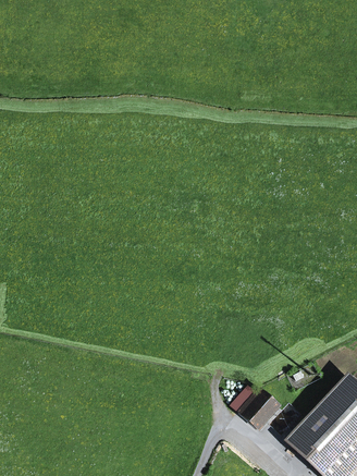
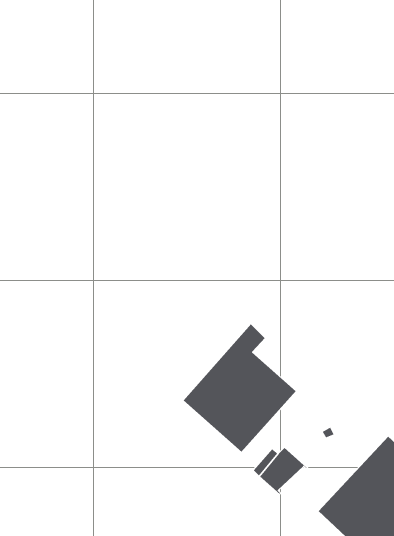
building: none -> [183,324,296,453]

